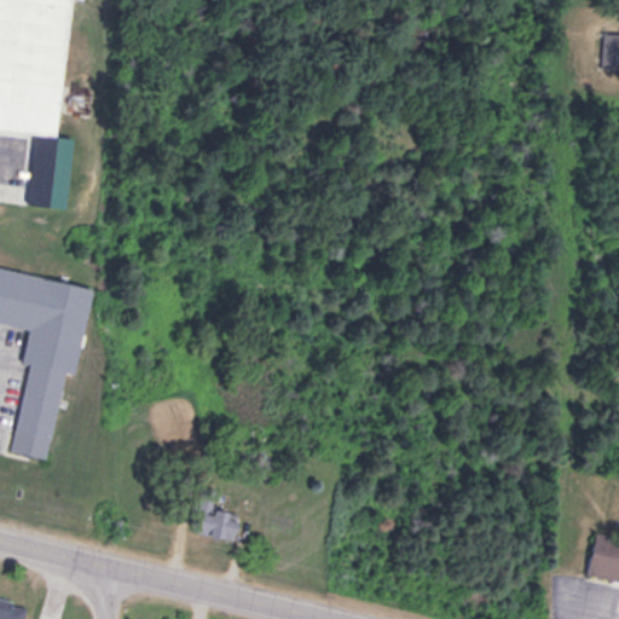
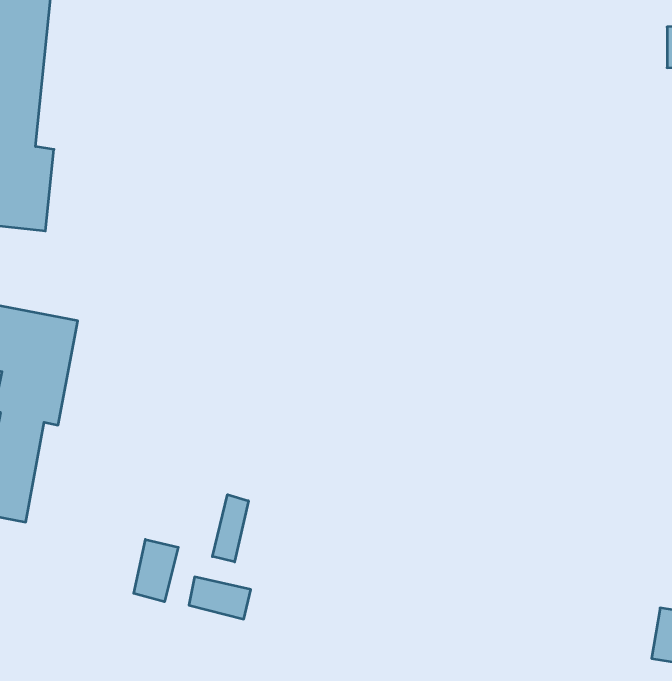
building: none -> [212,495,248,562]
building: none -> [134,539,178,602]

